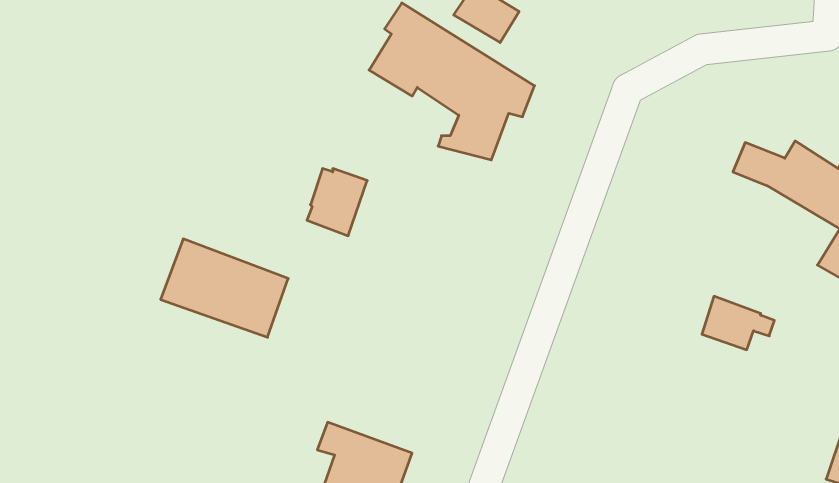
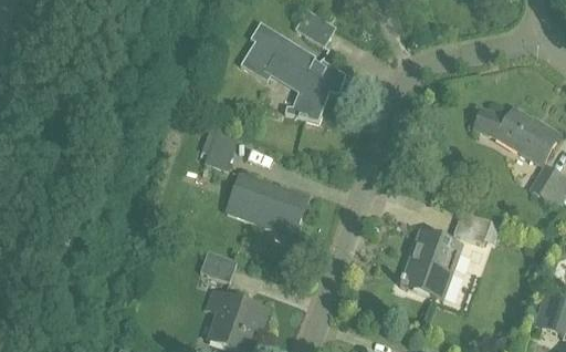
building: [161,239,288,337] -> [226,173,307,236]
building: none -> [401,231,460,299]
building: none -> [200,251,237,282]

